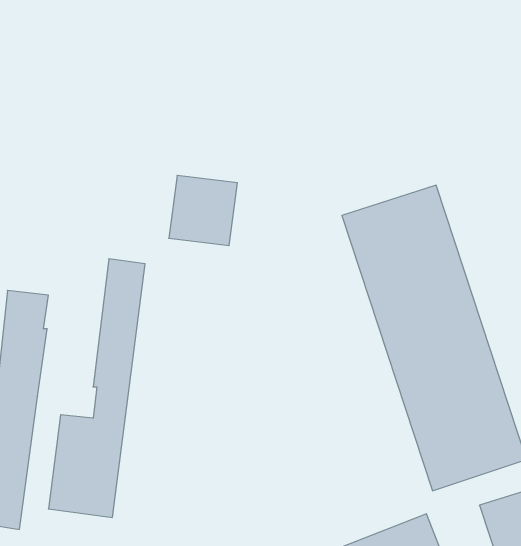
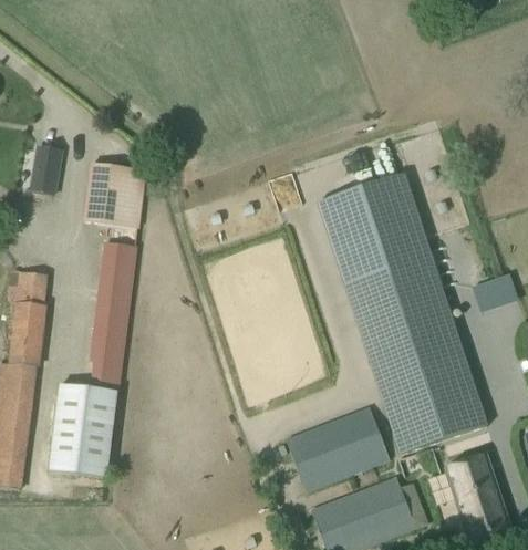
building: none -> [30,146,61,195]
building: [169,175,237,246] -> [82,163,145,227]
building: none -> [286,406,387,491]

